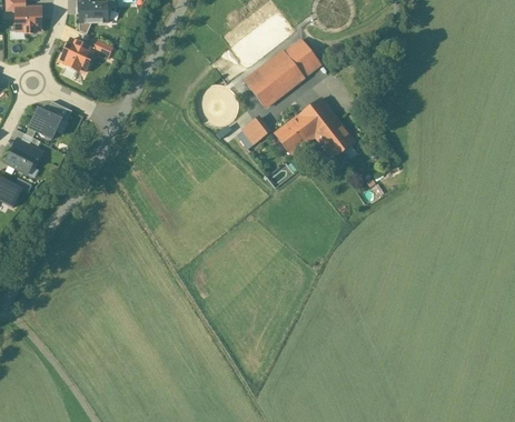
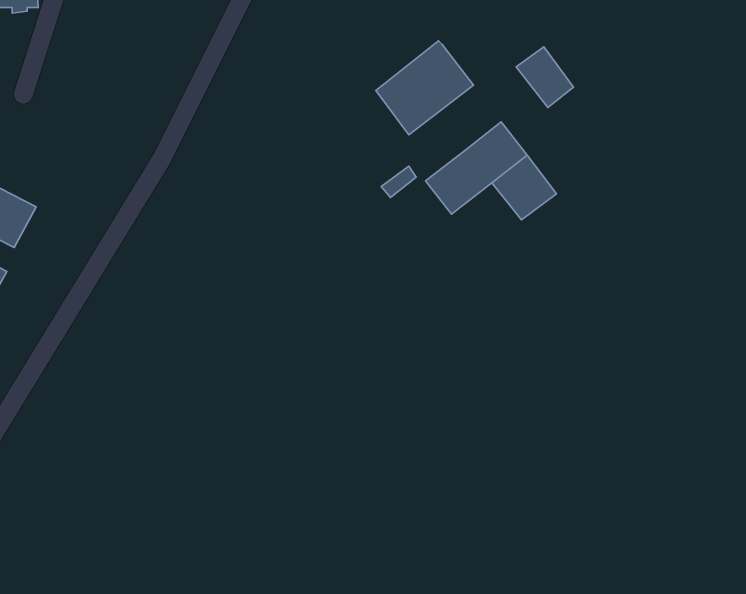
building: [60,39,95,72] -> none
building: [285,40,319,77] -> [516,47,574,108]
building: [28,107,61,138] -> none

